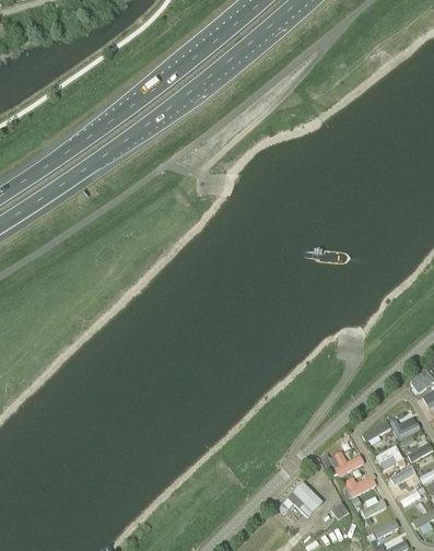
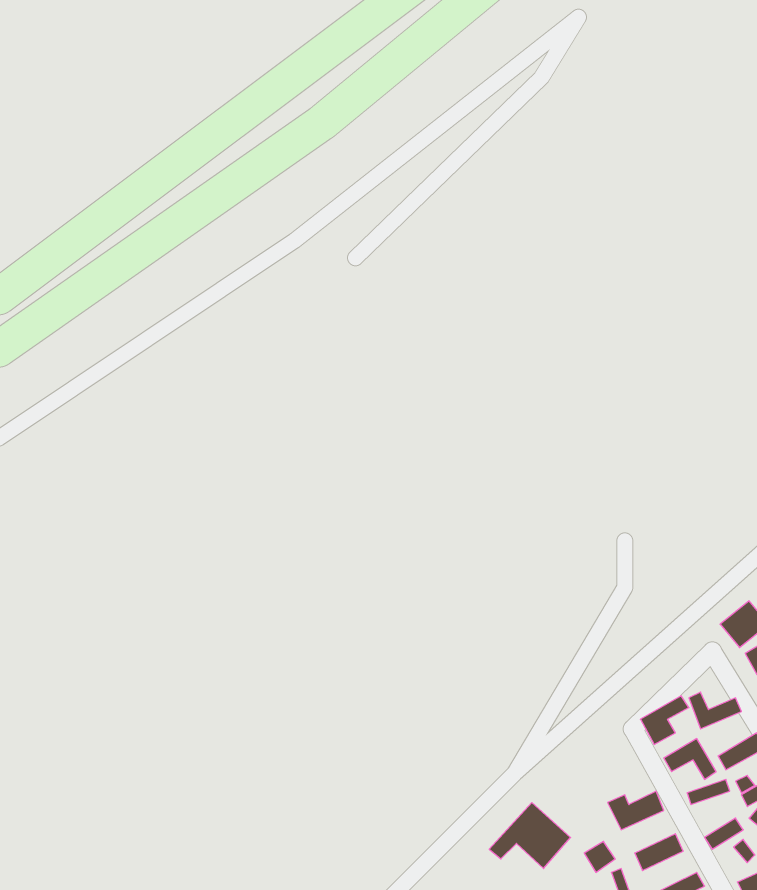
building: [325,449,364,476] -> none

